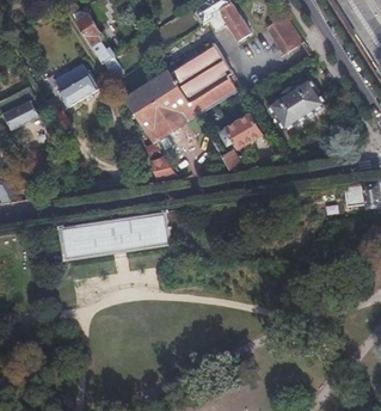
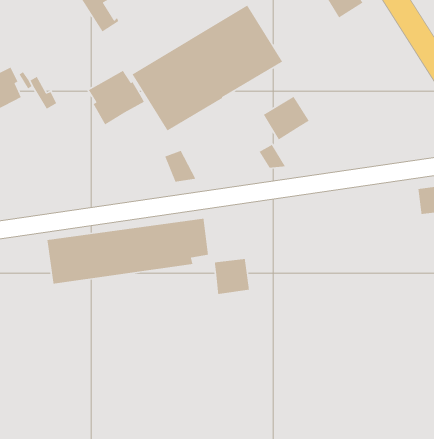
building: [54,65,98,108] -> [88,70,145,125]
building: [268,76,327,130] -> none
building: none -> [214,258,250,295]

